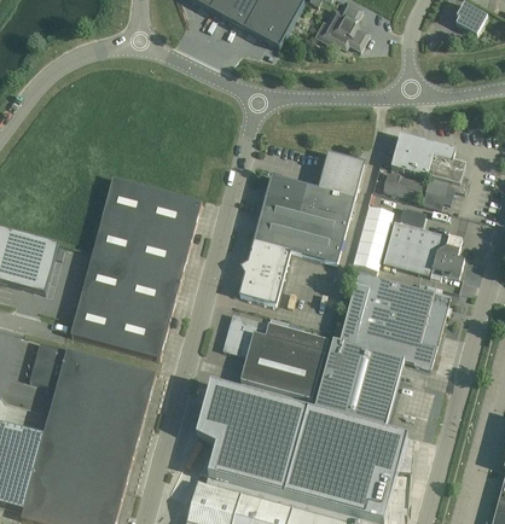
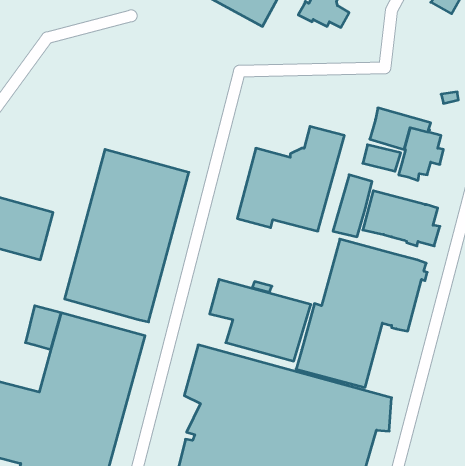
building: [239,249,286,303] -> none

